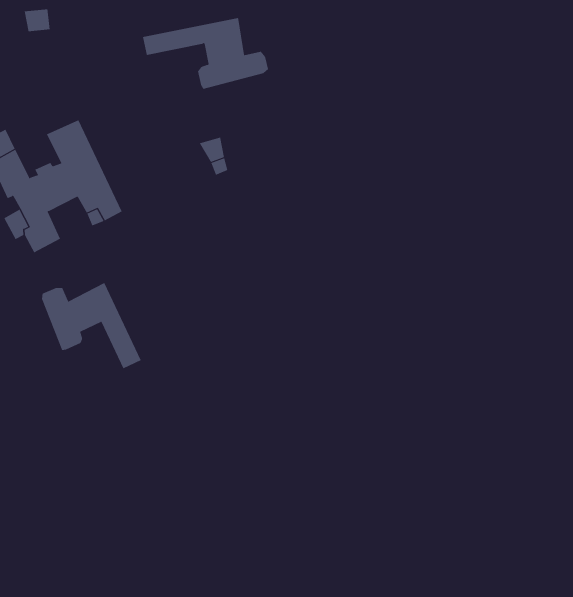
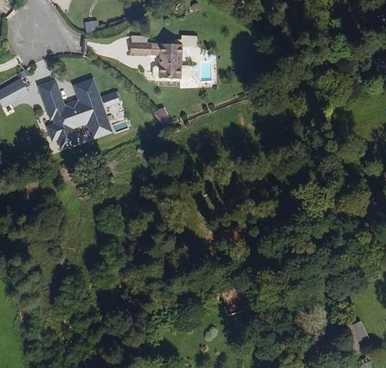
building: [41,282,142,369] -> none

